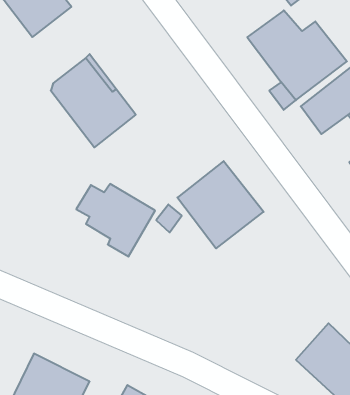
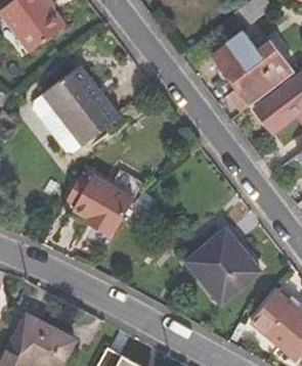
building: [177,161,264,248] -> [188,230,261,304]

